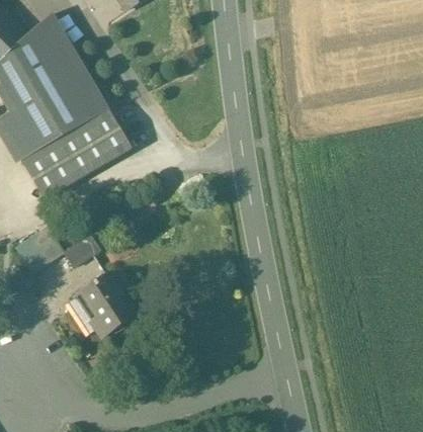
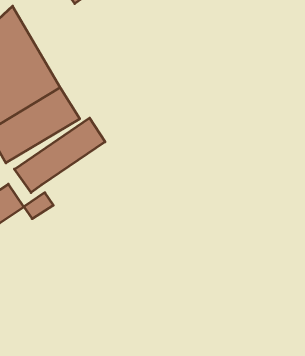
building: none -> [14,118,105,193]
building: [66,272,138,337] -> none

